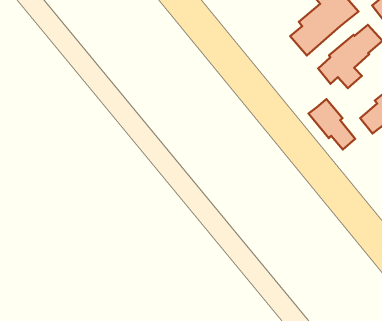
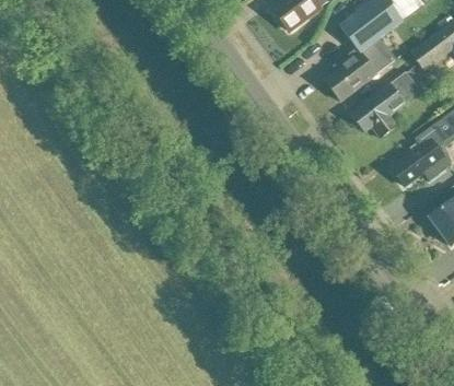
building: [309,99,355,149] -> none

